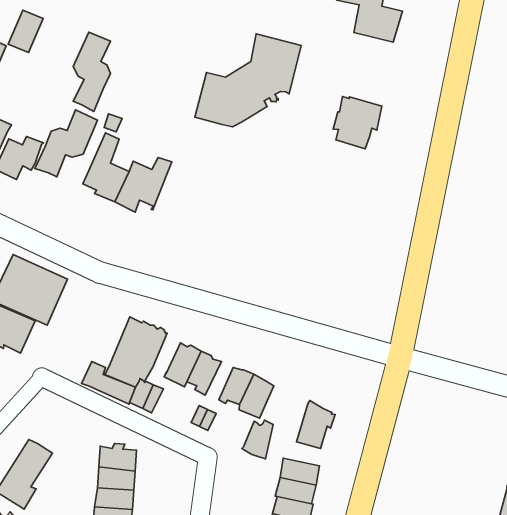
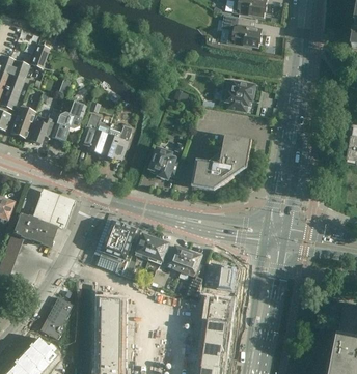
building: [73,32,111,112] -> none
building: [195,34,301,127] -> [191,134,251,190]
building: none -> [148,147,181,177]

